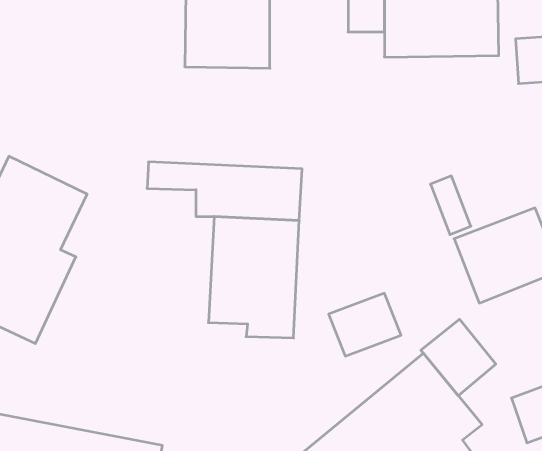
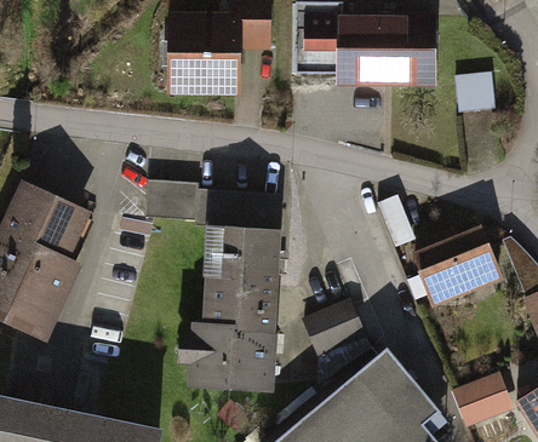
building: [421,319,496,396] -> none
building: none -> [172,322,271,397]

